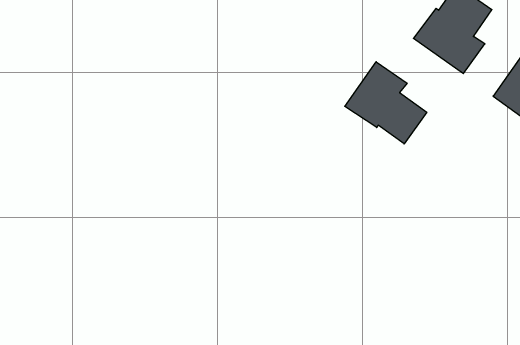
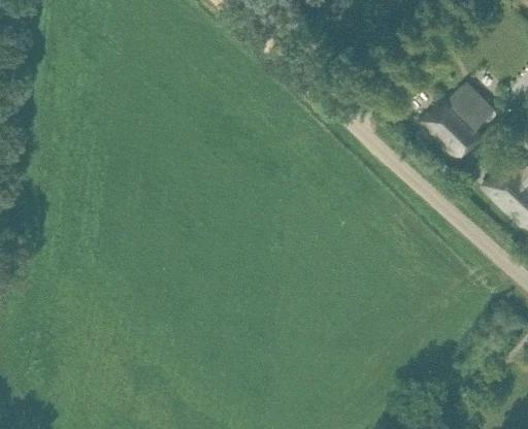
building: [345,62,427,144] -> none

